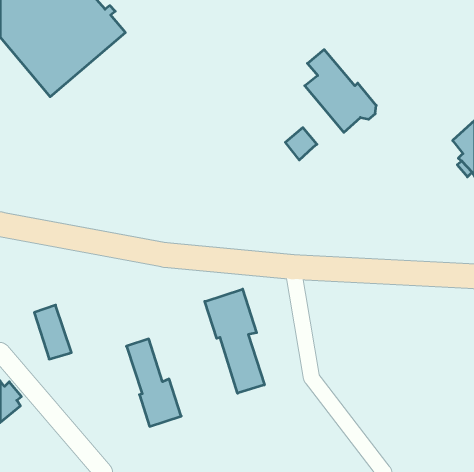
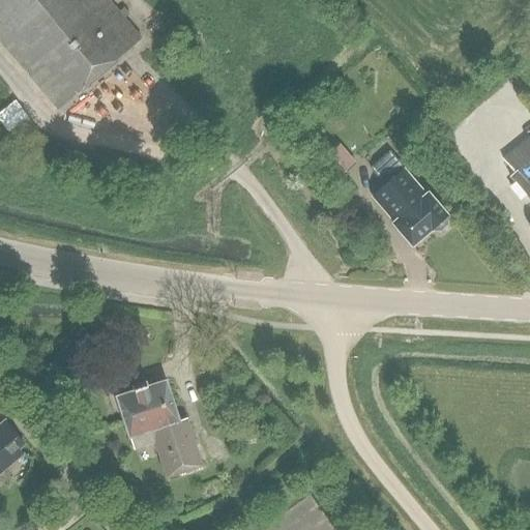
building: [305,50,376,132] -> [367,151,447,243]
building: [205,289,264,393] -> none
building: [34,305,71,359] -> [118,385,159,445]

